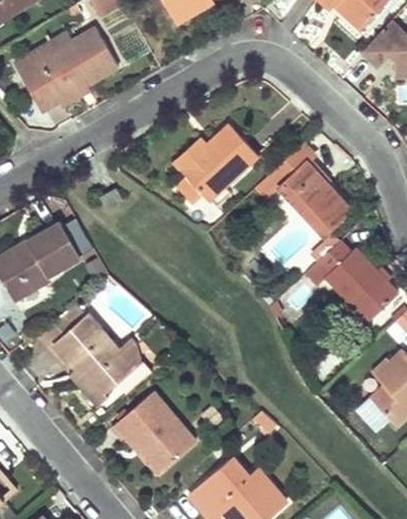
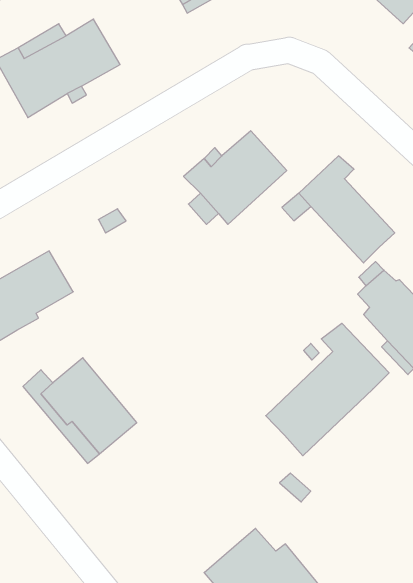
building: none -> [266,323,389,456]
building: [115,392,195,474] -> none

